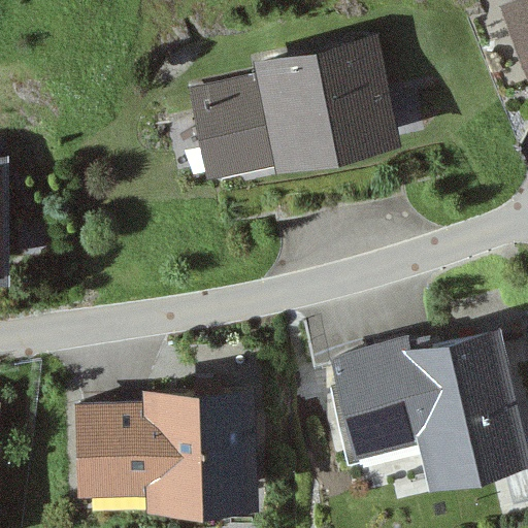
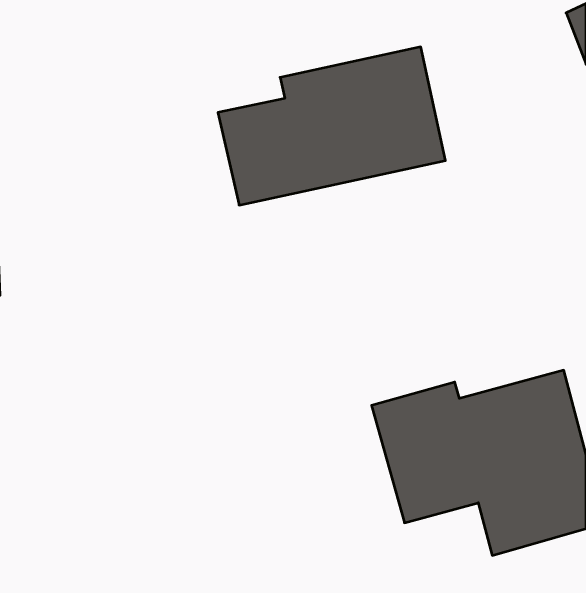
building: [82,387,248,500] -> none

